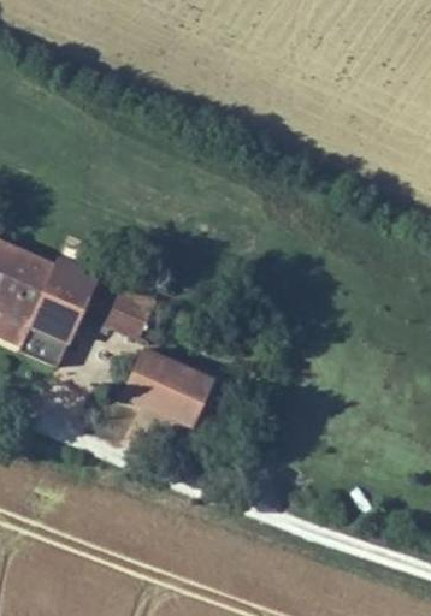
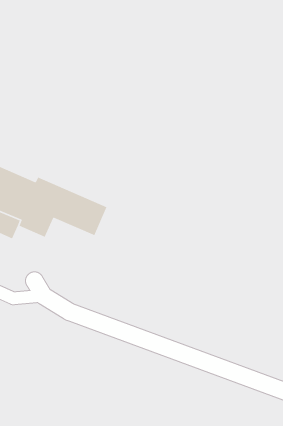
building: [18,327,67,369] -> none
building: [119,348,215,431] -> none

